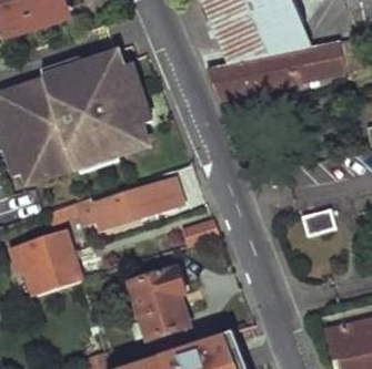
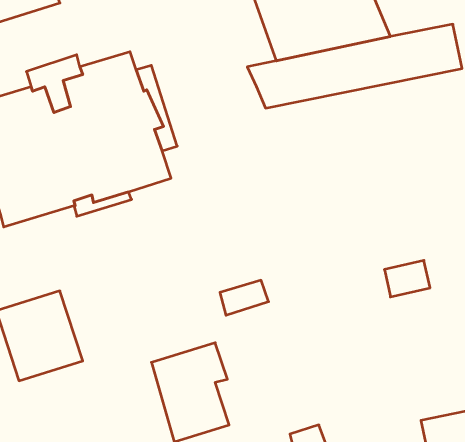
building: [74,180,180,229] -> none

